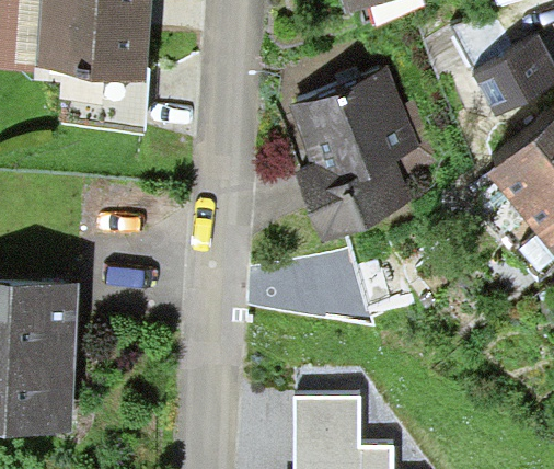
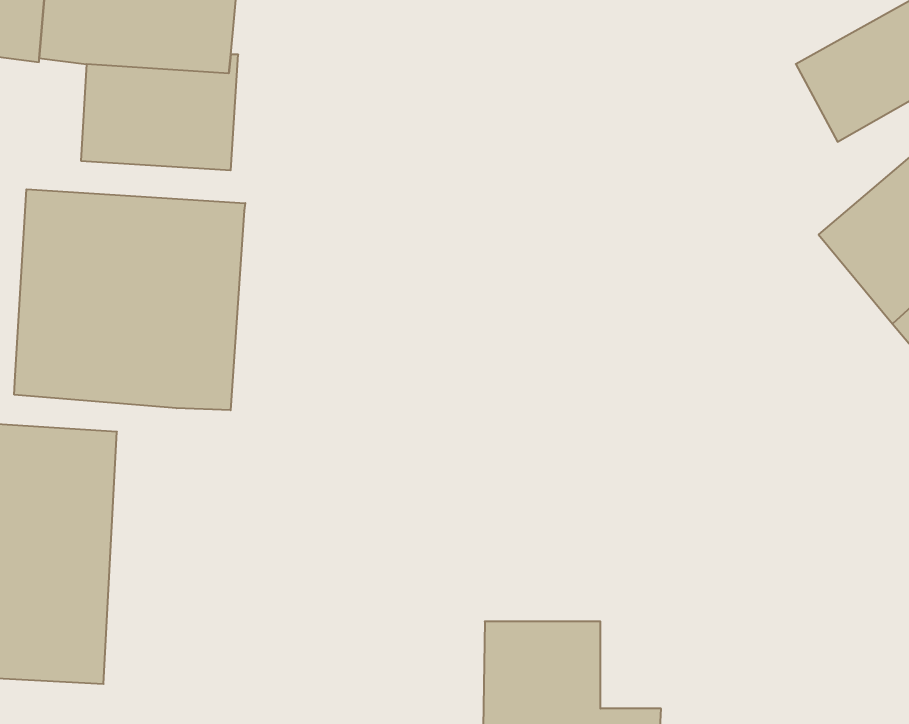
building: [287,66,422,240] -> none
building: none -> [14,189,245,410]

